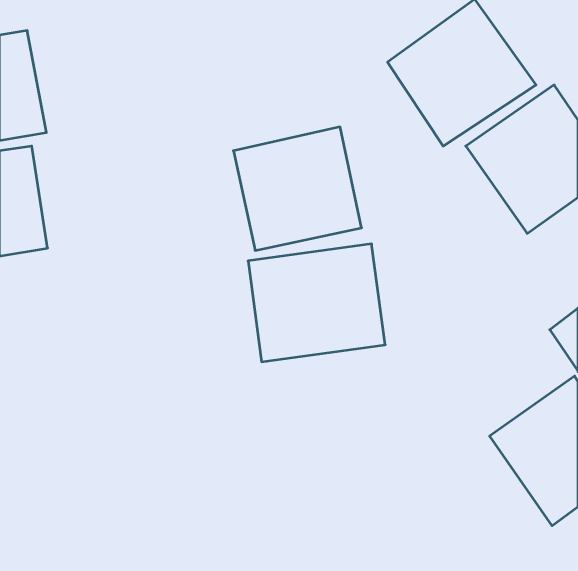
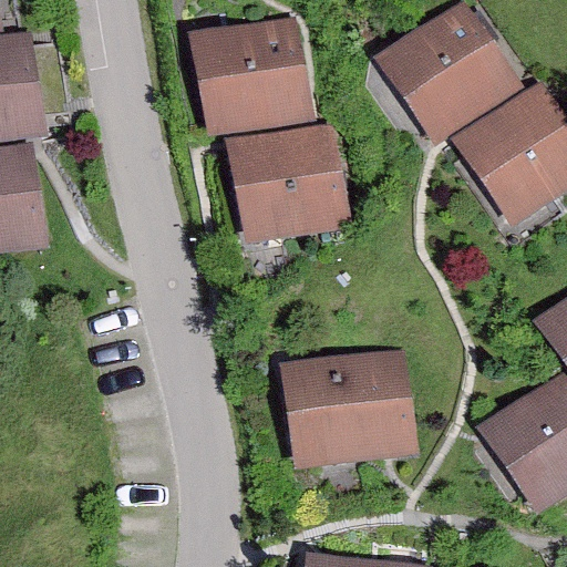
building: none -> [193,14,311,131]
building: [248,244,385,362] -> [284,350,417,465]

